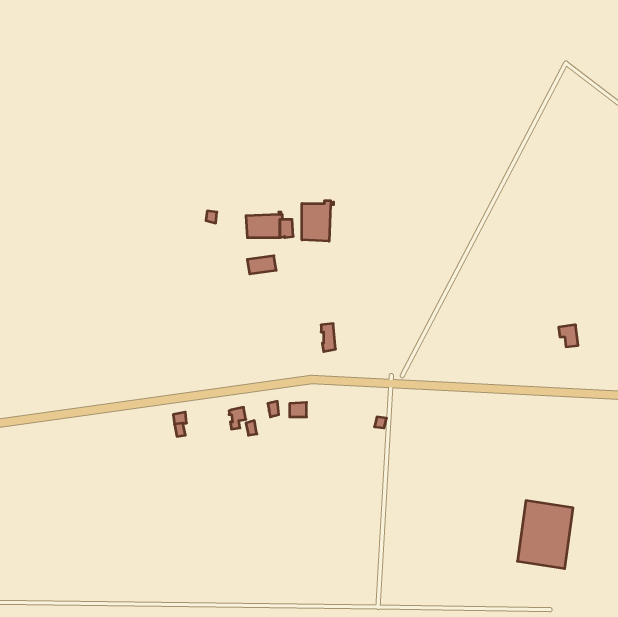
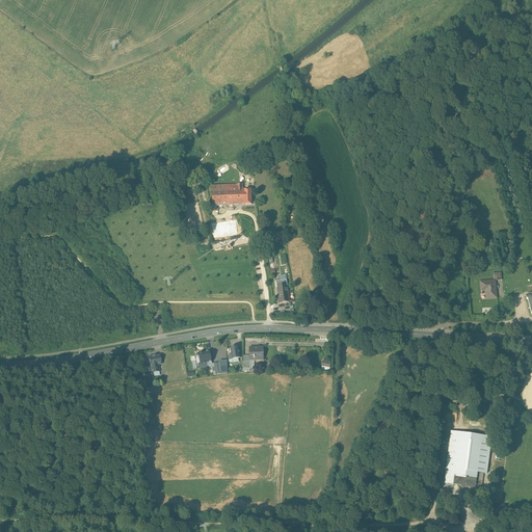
building: [302,201,334,241] -> none

